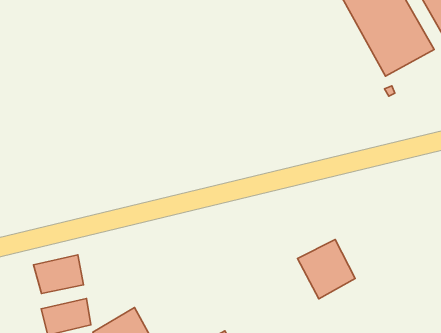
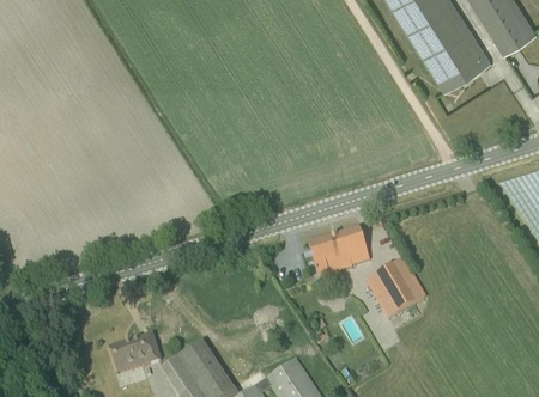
building: none -> [303,226,369,279]
building: [33,255,84,294] -> none

